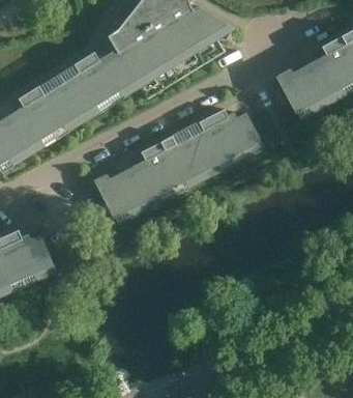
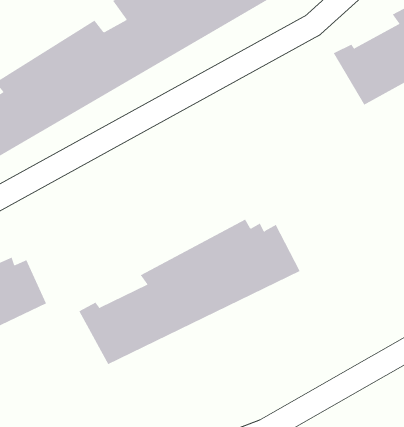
building: [93,108,265,221] -> [78,219,300,365]

